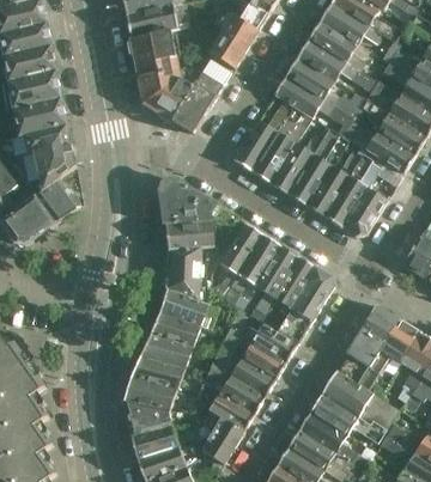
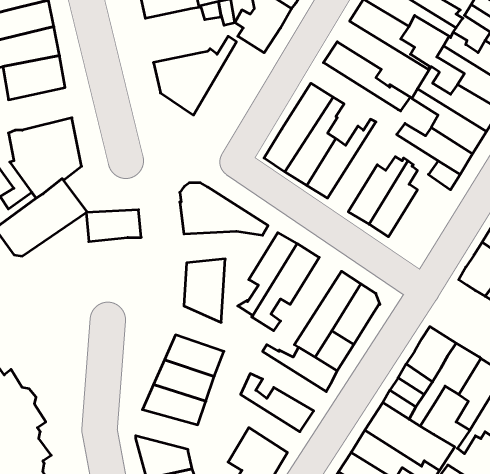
building: [129,30,177,77] -> none
building: [296,41,375,91] -> none
building: [171,59,230,132] -> none
building: [273,77,348,126] -> none
building: [11,98,66,135] -> none
building: [287,128,339,206] -> none
building: [340,187,386,237] -> none
building: [163,222,211,250] -> [86,210,141,242]
building: [248,245,299,321] -> none
building: [156,287,205,327] -> none
building: [220,327,286,378] -> none
building: [204,364,263,414] -> none
building: [121,377,175,411] -> none

